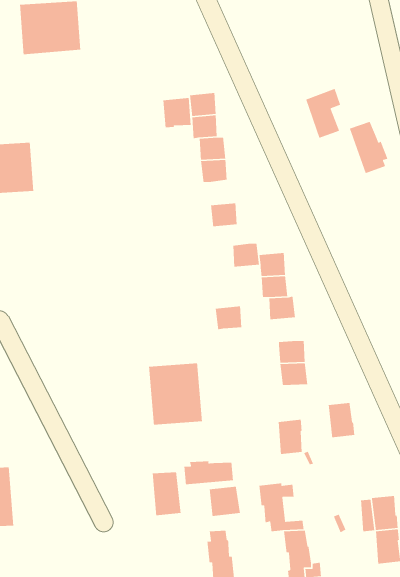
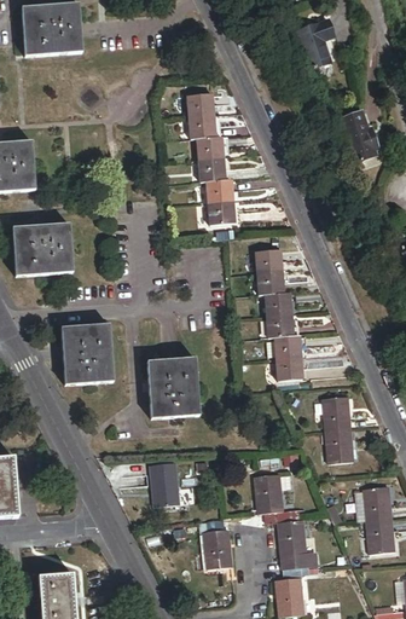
building: [305,88,341,139] -> [301,29,336,79]
building: [163,97,192,128] -> none
building: none -> [12,222,72,274]
building: [232,243,260,268] -> [207,178,233,202]
building: [215,306,242,330] -> [266,312,292,336]
building: none -> [60,323,114,383]
building: [278,419,303,455] -> [326,427,350,462]
building: [183,461,234,485] -> none
building: [209,486,241,517] -> none

